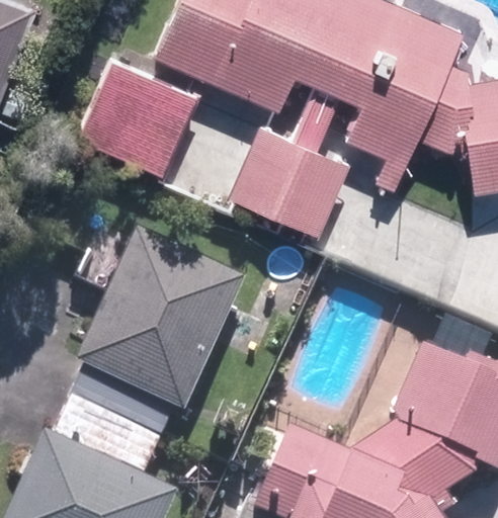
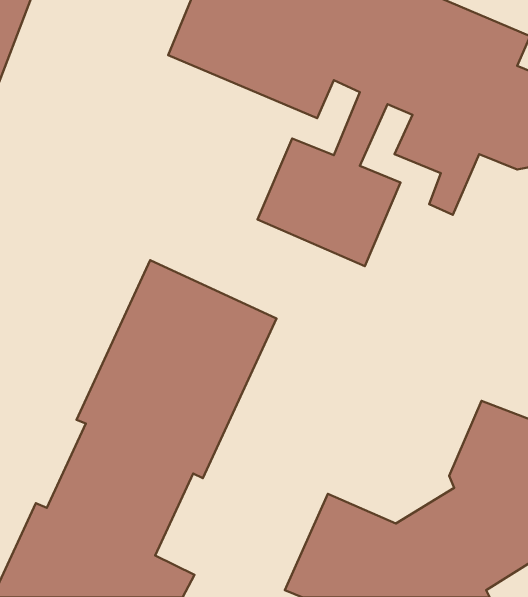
building: [78,61,194,176] -> none

